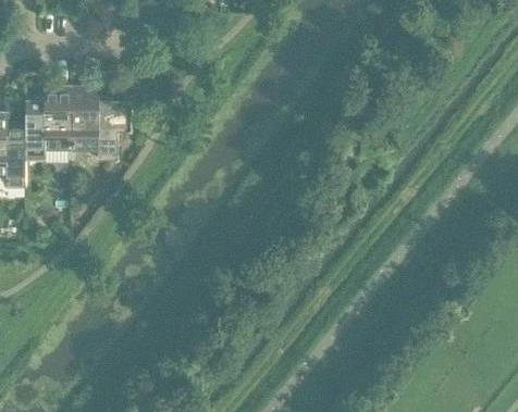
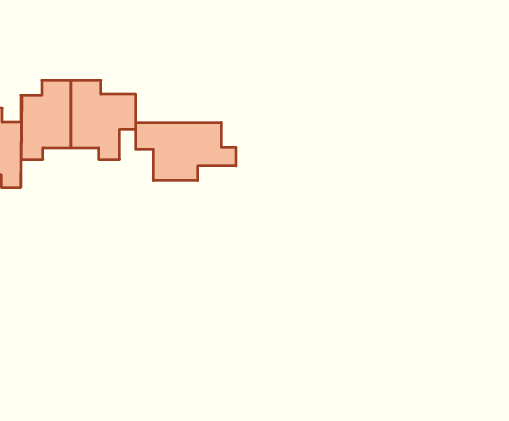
building: none -> [136,122,236,181]

